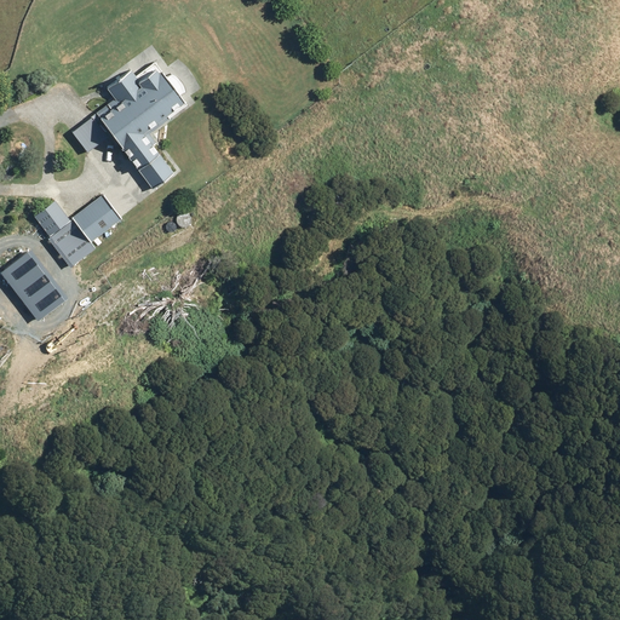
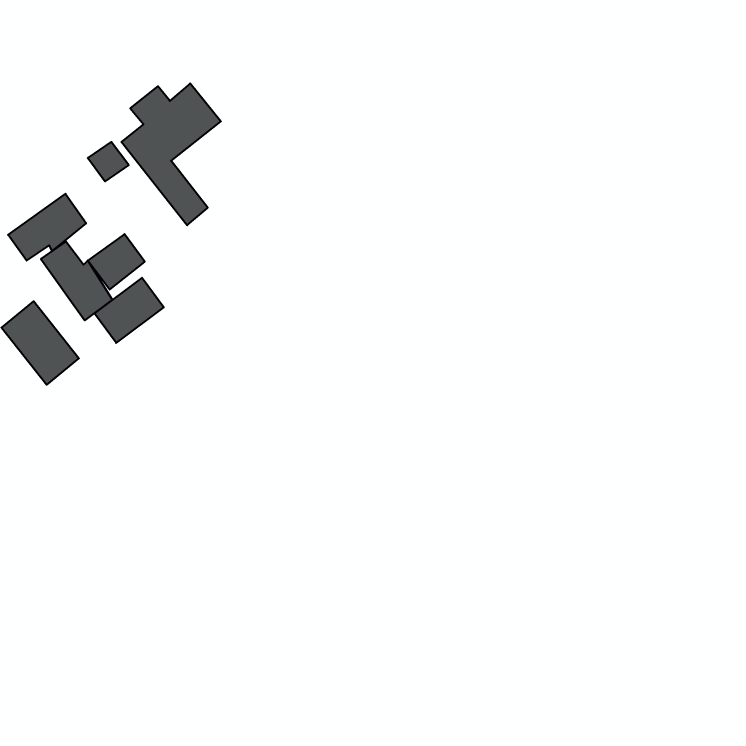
building: none -> [8,194,86,261]
building: none -> [95,278,164,343]

